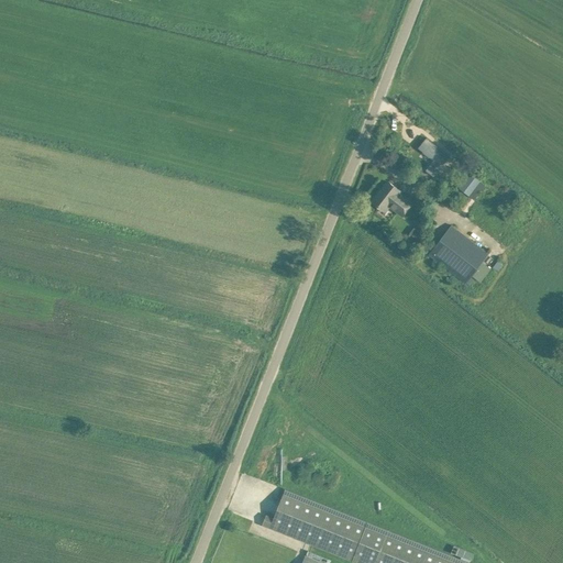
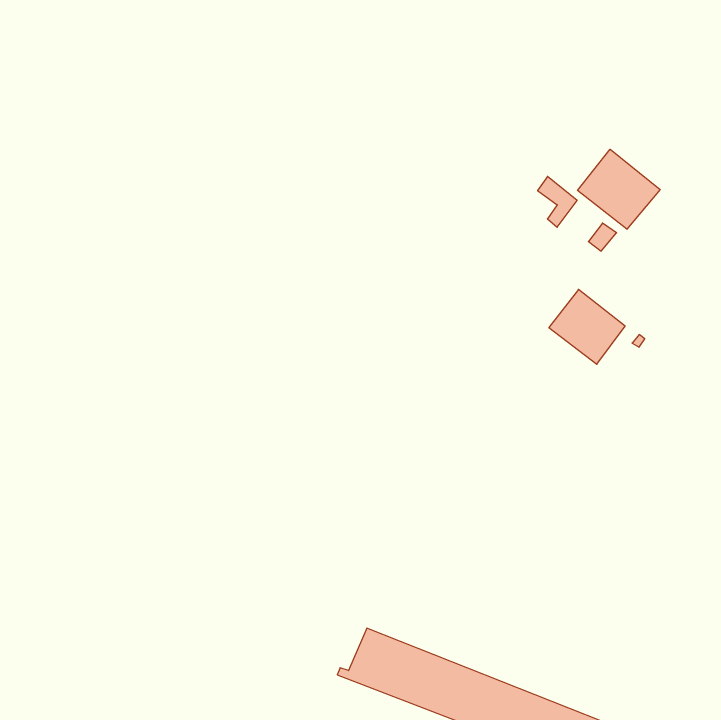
building: none -> [578,149,660,229]
building: [372,183,411,217] -> none

